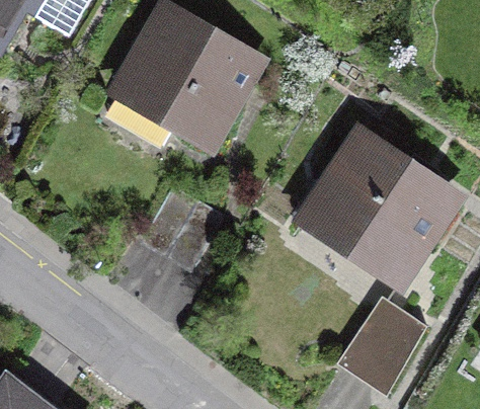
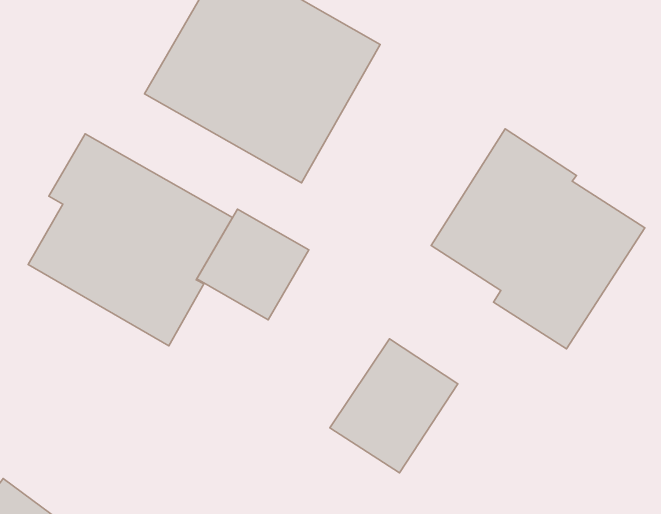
building: none -> [28,134,232,346]
building: [339,292,428,385] -> [330,339,458,473]

